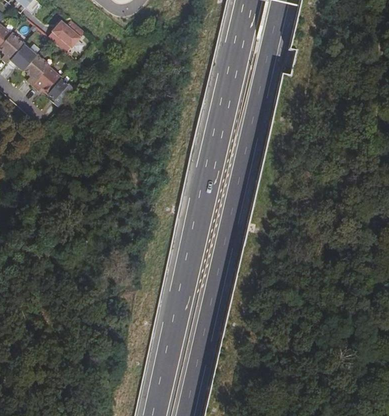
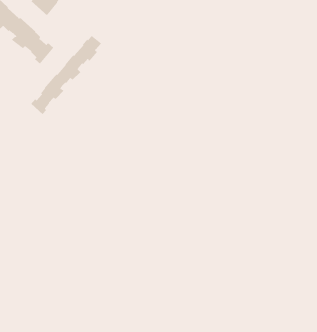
building: none -> [30,35,102,115]

